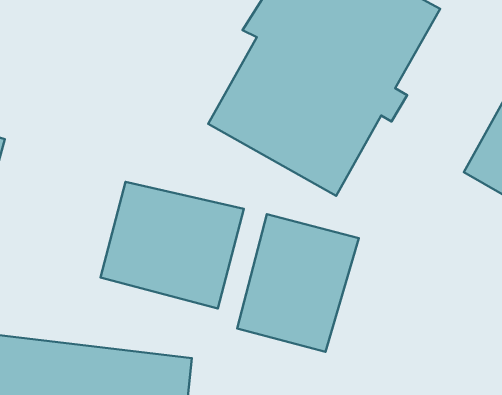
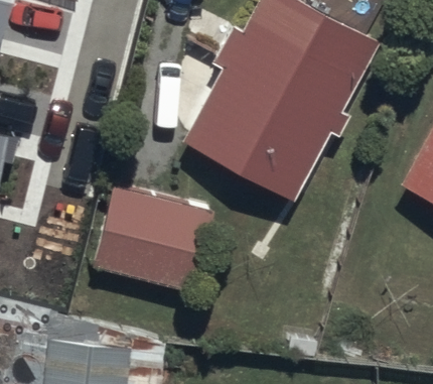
building: [237,214,359,352] -> none

